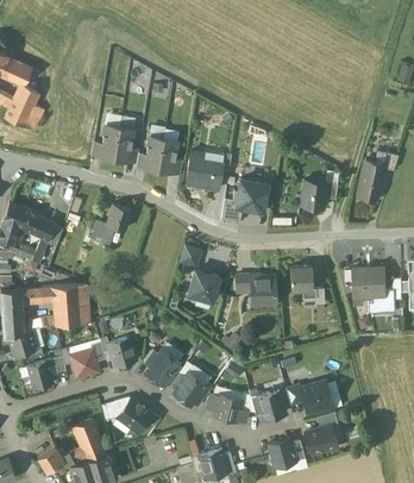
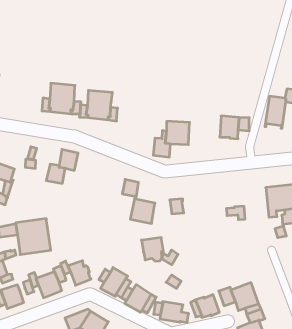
building: [186,150,222,188] -> none
building: [289,265,312,289] -> none
building: [250,275,275,302] -> [141,238,163,261]

